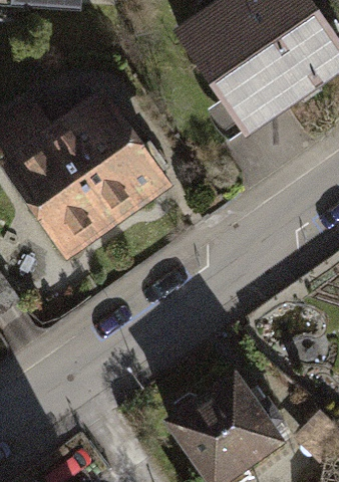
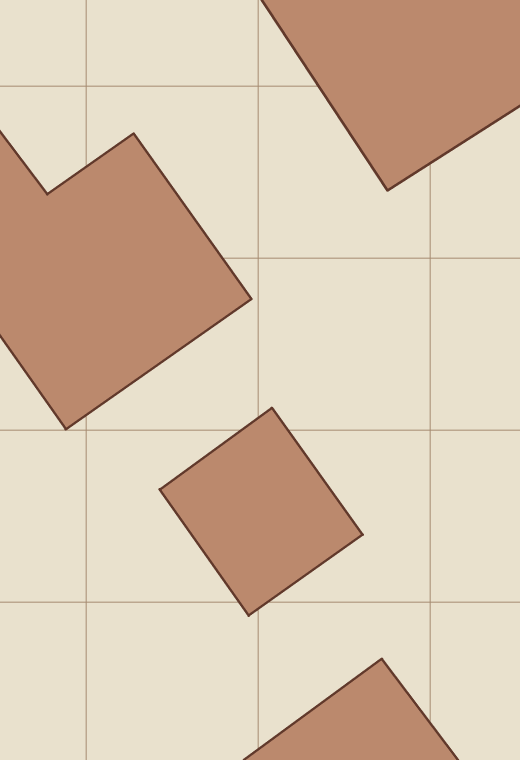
building: none -> [160,408,363,616]

